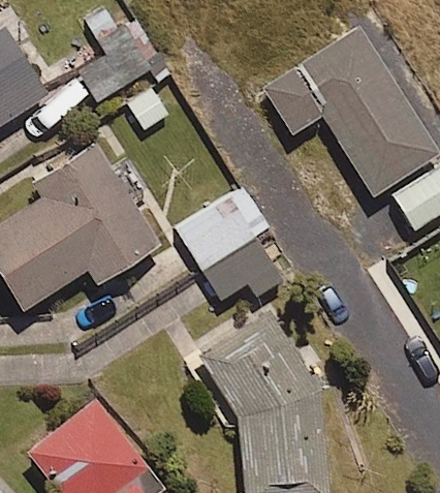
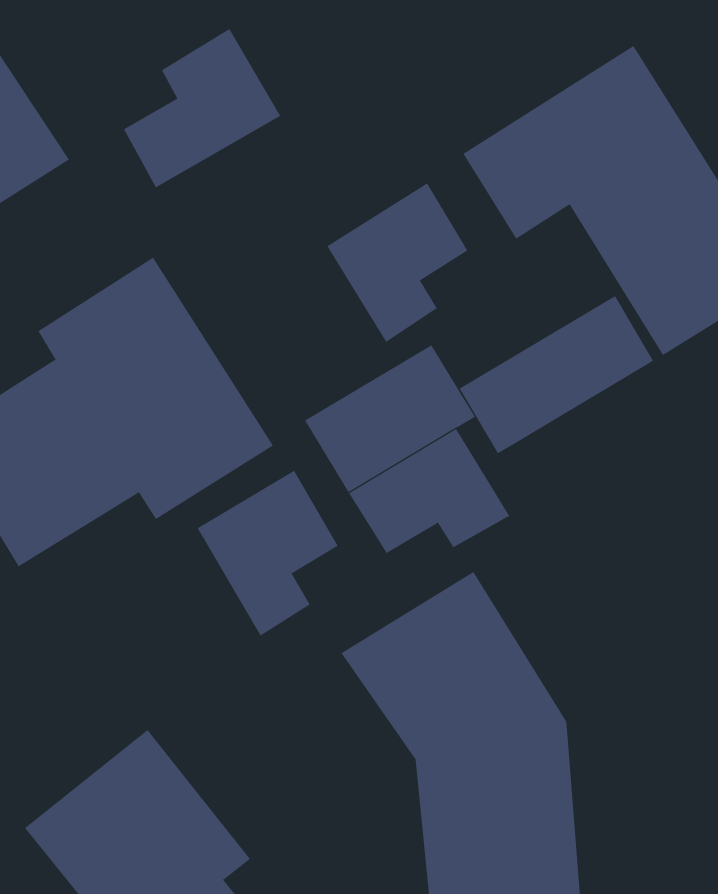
building: none -> [326,183,468,343]
building: none -> [459,295,654,454]
building: none -> [197,470,338,637]

